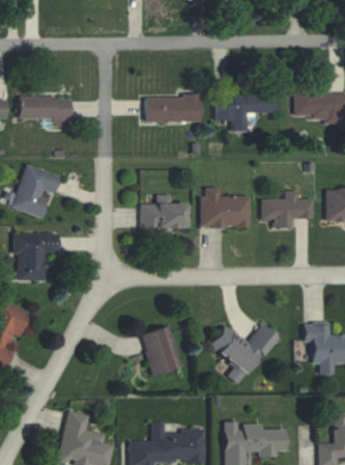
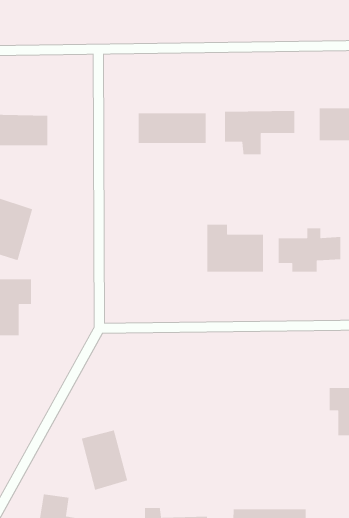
building: [141,195,186,228] -> none
building: [208,325,278,386] -> none
building: [142,327,181,378] -> [81,430,128,491]

